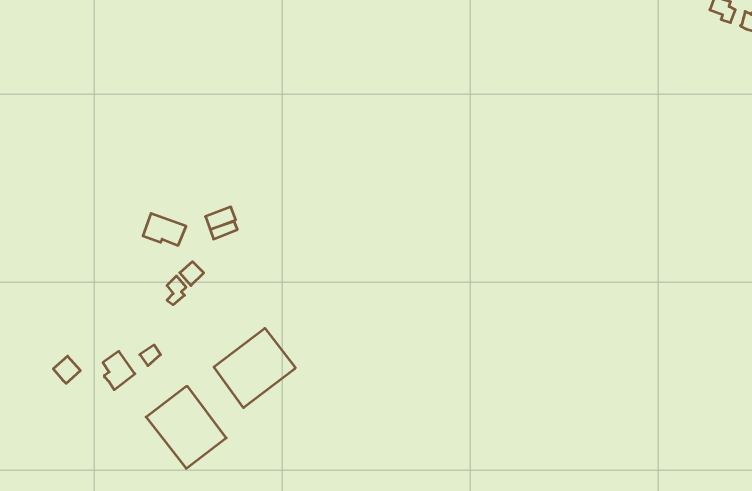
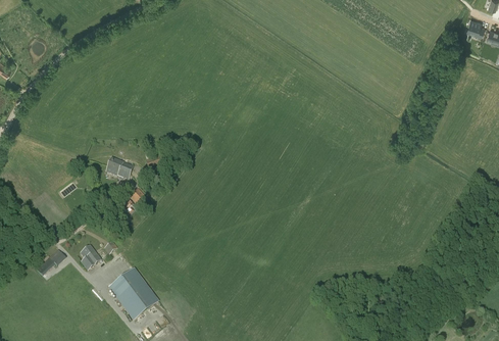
building: [214,328,295,408] -> none

